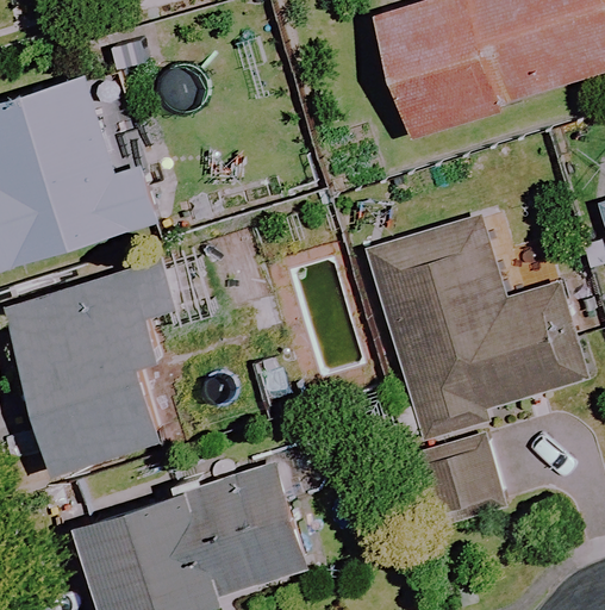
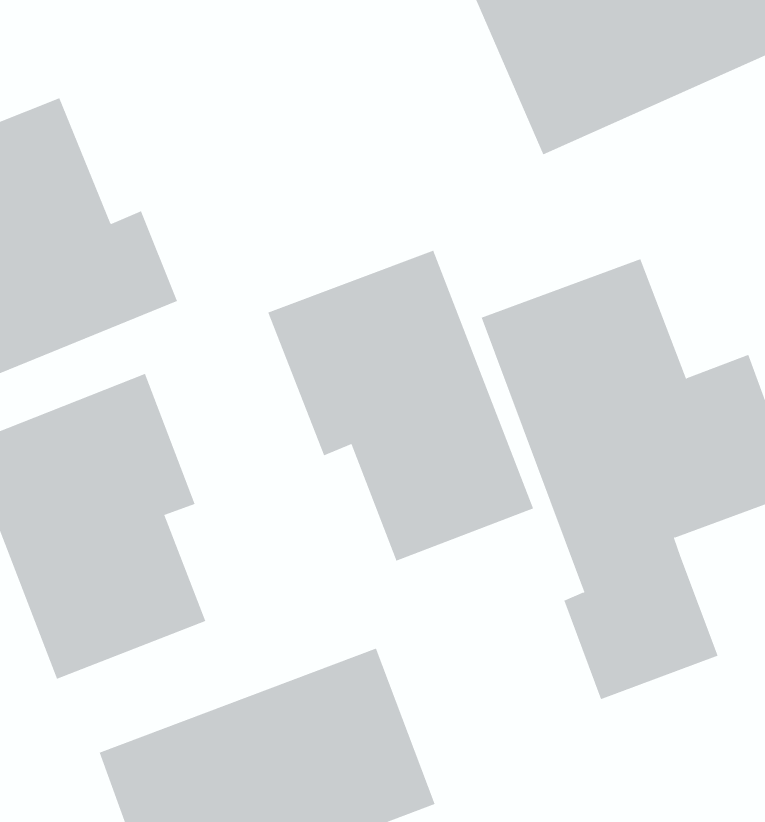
building: none -> [267,250,534,562]

